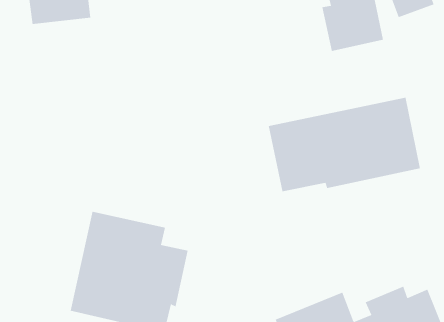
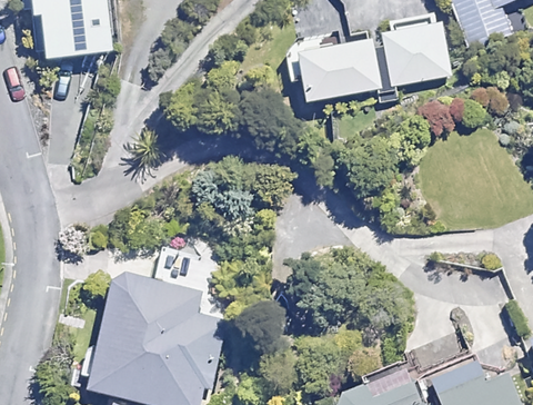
building: none -> [286,37,381,105]
building: [268,97,421,192] -> none

